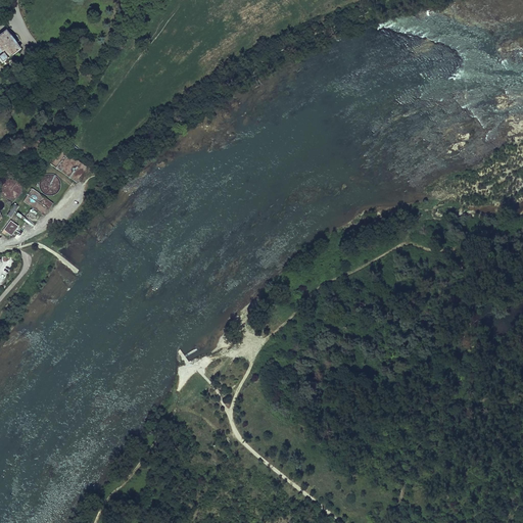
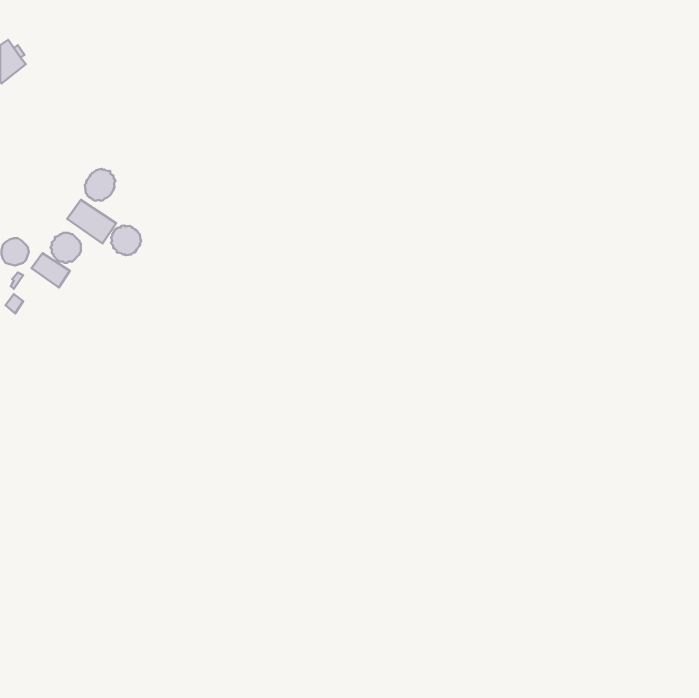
building: none -> [85,169,115,201]
building: none -> [111,225,141,255]

